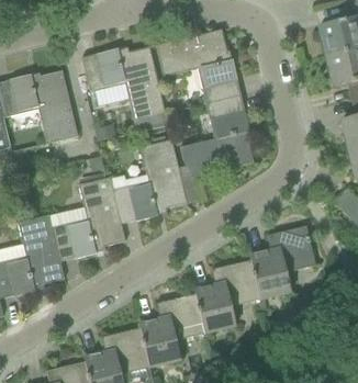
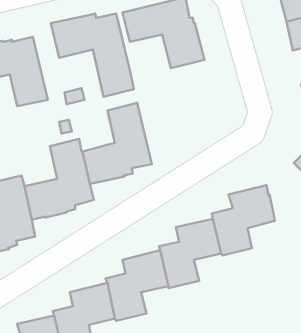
building: [178,94,254,179] -> none

